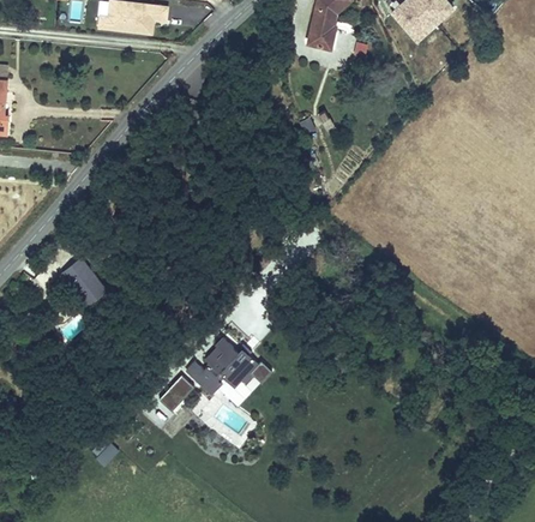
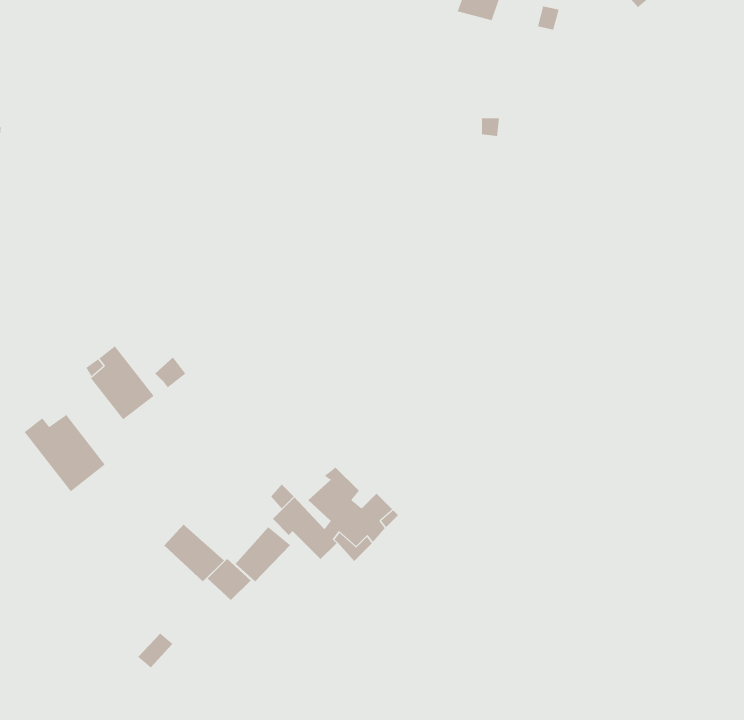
building: none -> [24,413,105,492]
building: none -> [164,524,225,582]

